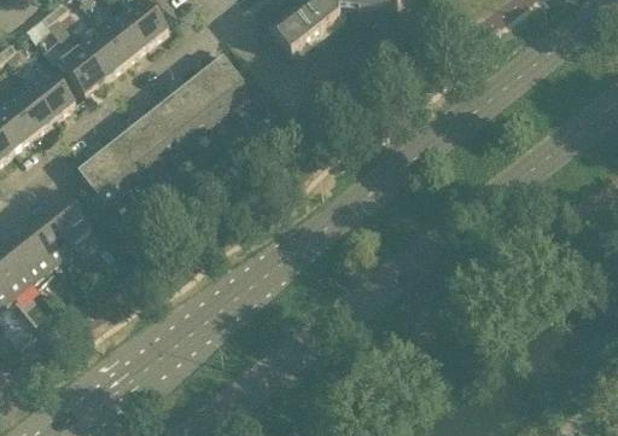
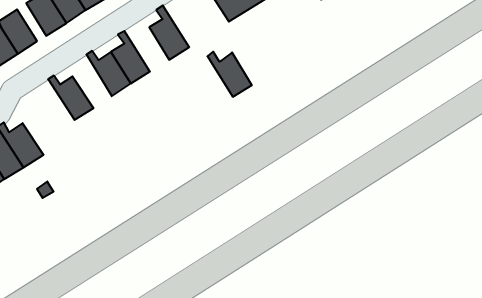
building: [173,71,227,122] -> [207,52,252,97]
building: [118,110,165,170] -> none
building: [77,143,126,203] -> none

